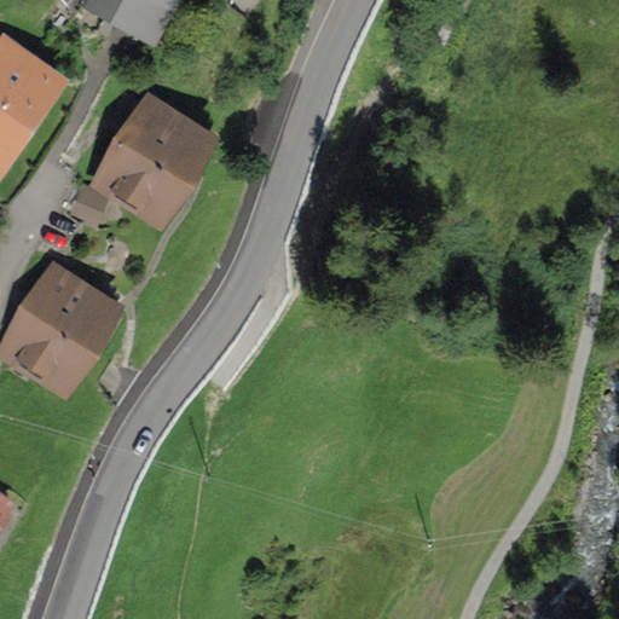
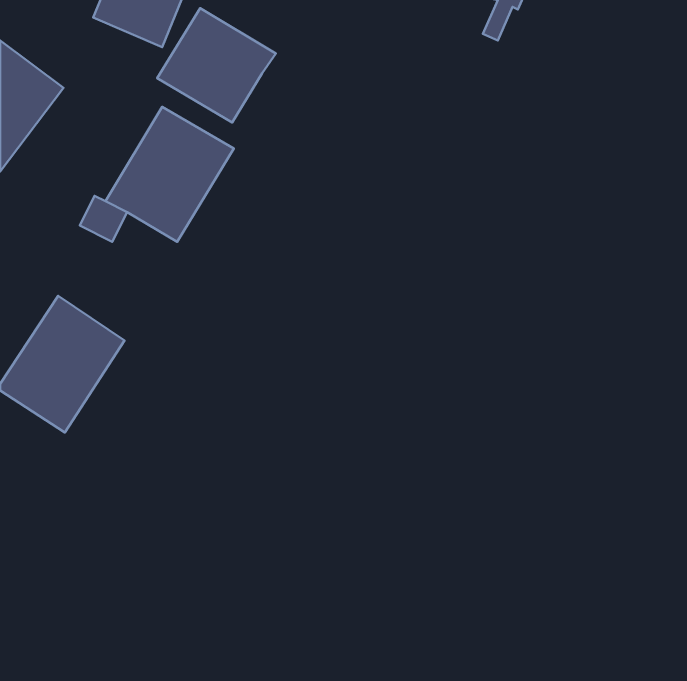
building: none -> [157,8,276,123]

